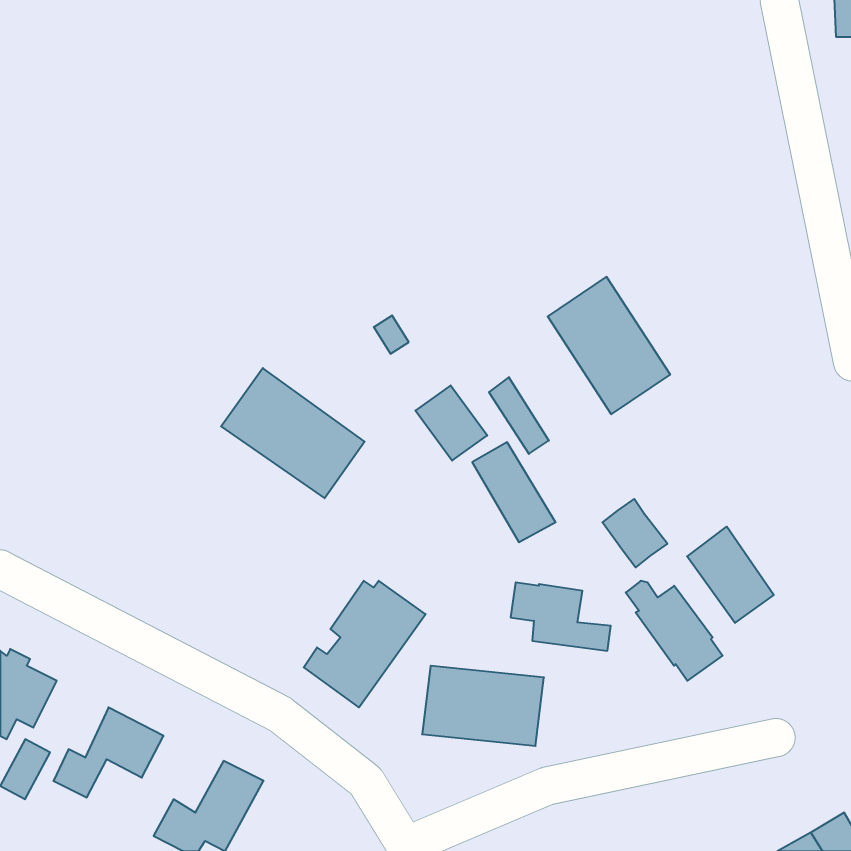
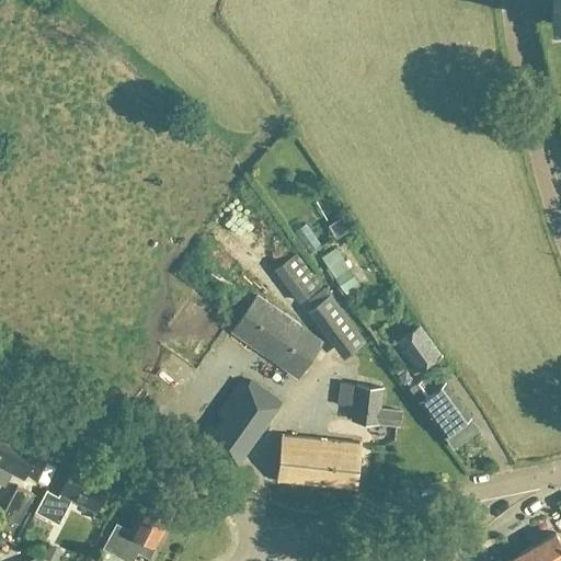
building: [548,277,670,414] -> none
building: [221,368,365,498] -> [229,294,323,379]
building: [687,527,774,623] -> none

